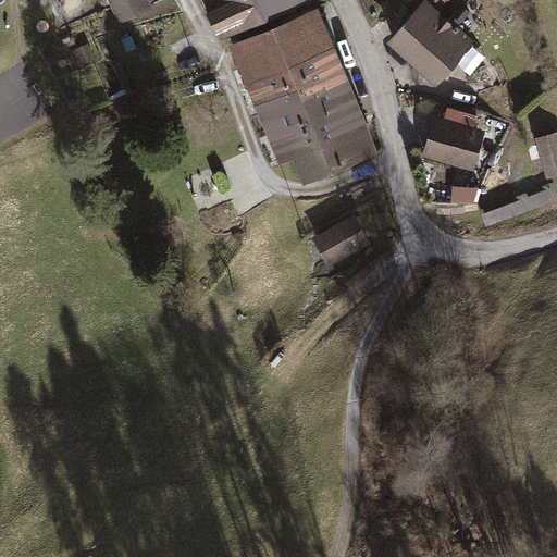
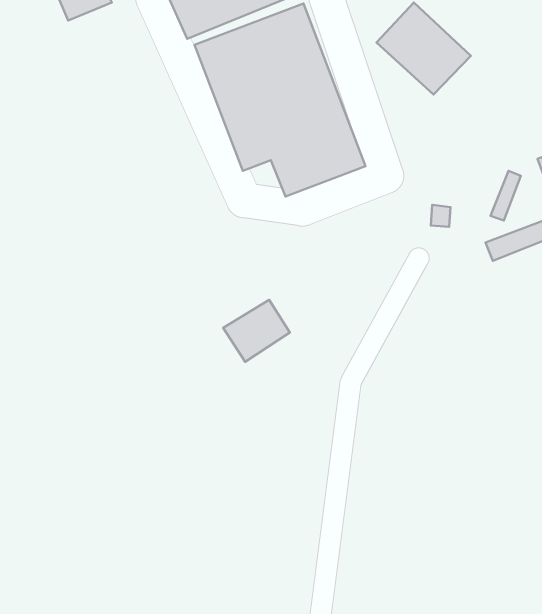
building: [420,115,485,175] -> none
building: [309,214,369,270] -> [223,300,290,362]

